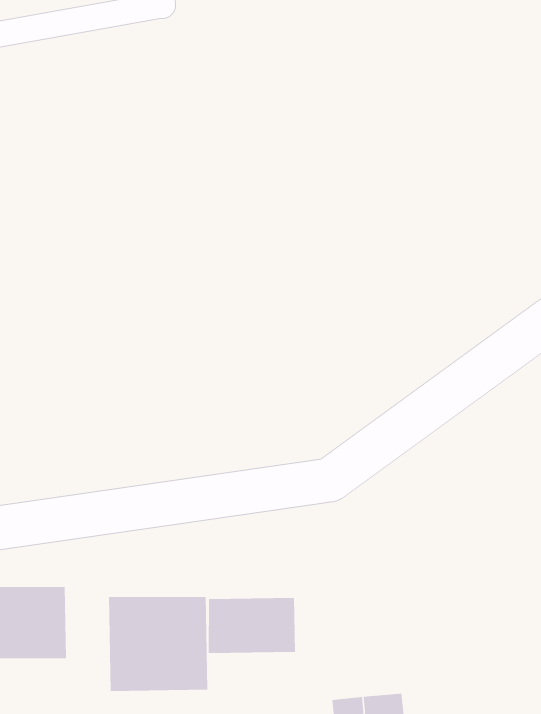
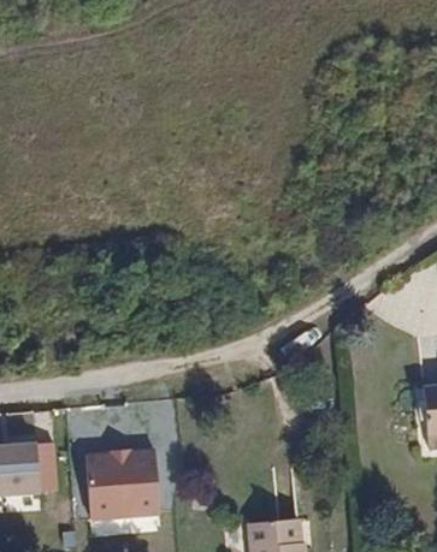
building: [208,597,295,654] -> none

